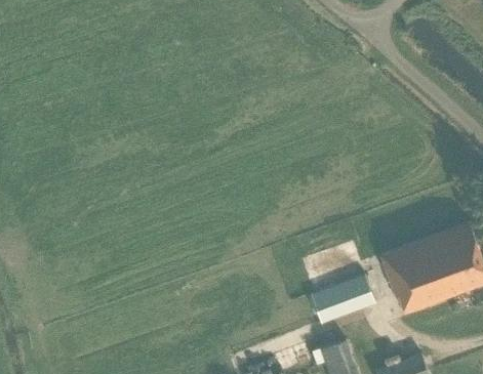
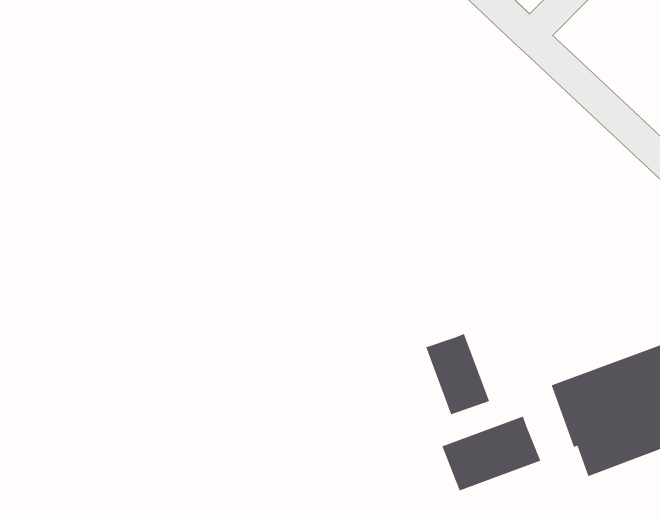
building: none -> [425,333,490,415]

